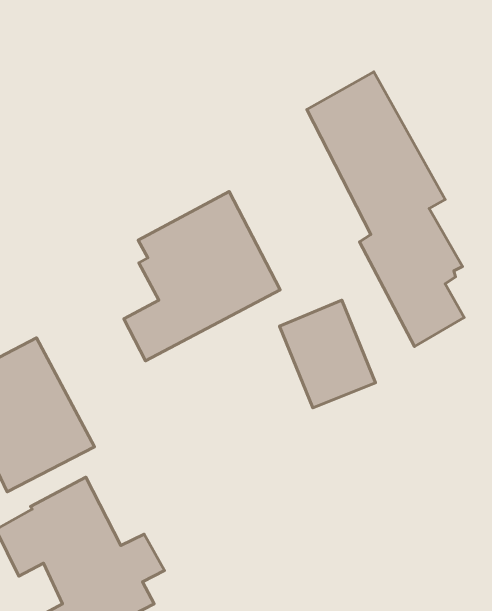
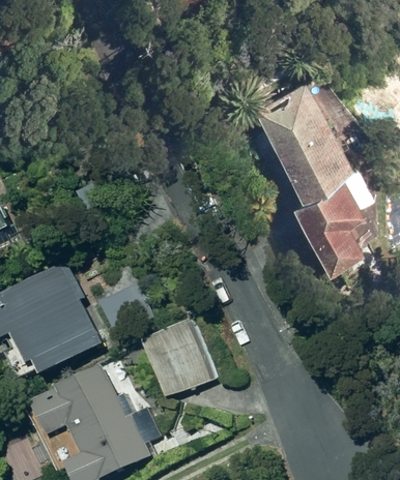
building: [124,191,280,361] -> none
building: [279,300,375,408] -> [141,318,209,394]

